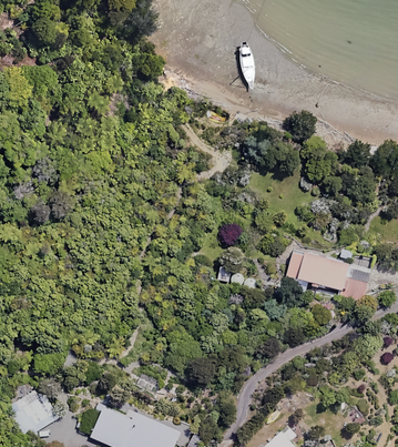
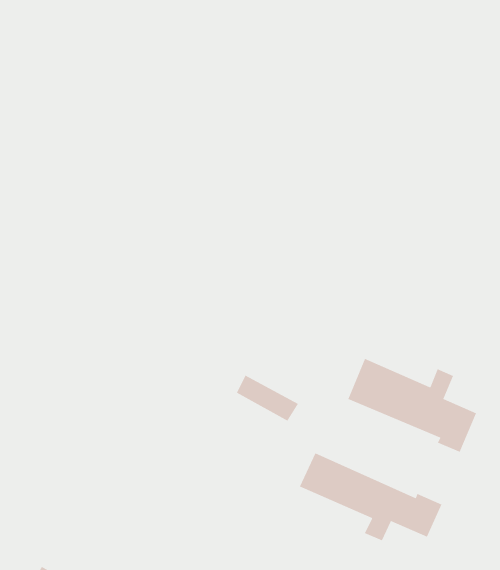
building: none -> [299,452,442,541]

